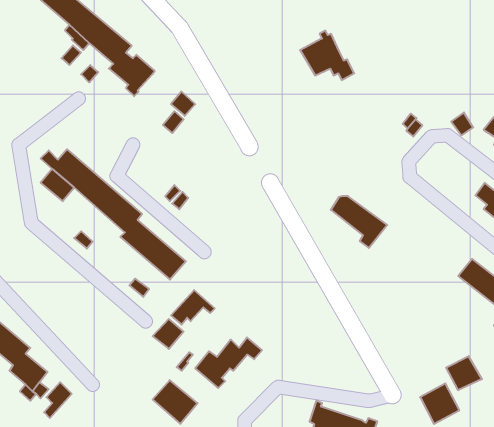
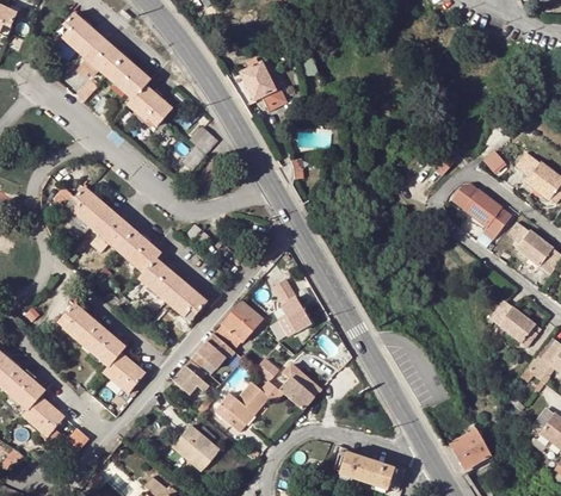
building: [300,31,354,80] -> [228,57,284,108]
building: [331,196,387,248] -> [451,185,510,238]
building: none -> [272,277,310,330]
building: none -> [217,300,261,346]
building: none -> [56,303,144,392]
building: none -> [272,353,327,409]
building: [446,356,482,390] -> none

